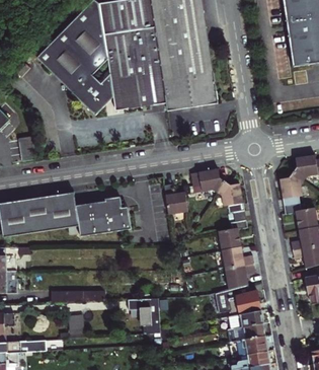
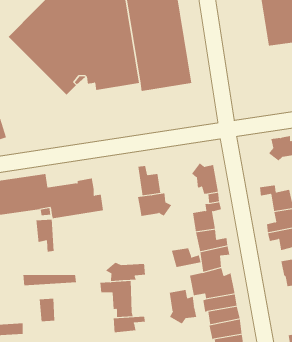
building: [190,168,225,192] -> [137,193,172,216]
building: [280,171,303,205] -> none
building: none -> [36,219,54,253]
building: none -> [171,247,201,268]
building: none -> [105,262,145,282]
building: none -> [169,289,197,325]
building: none -> [113,316,146,333]

